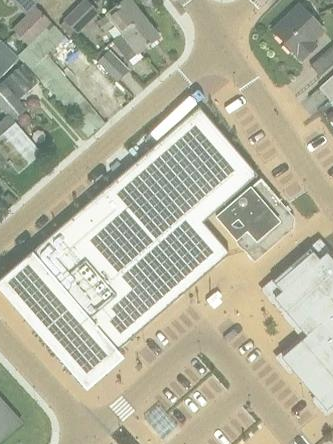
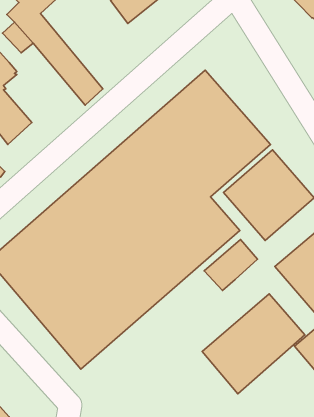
building: [92,45,130,81] -> none
building: none -> [204,240,257,290]
building: none -> [202,294,305,394]

